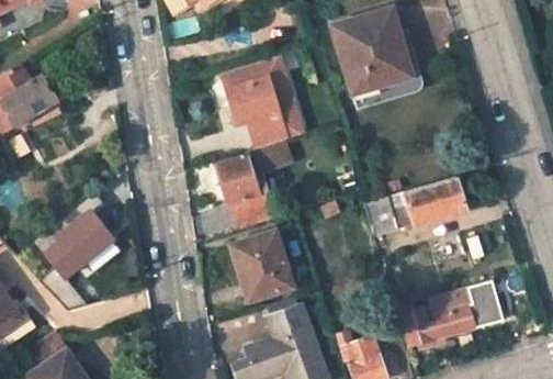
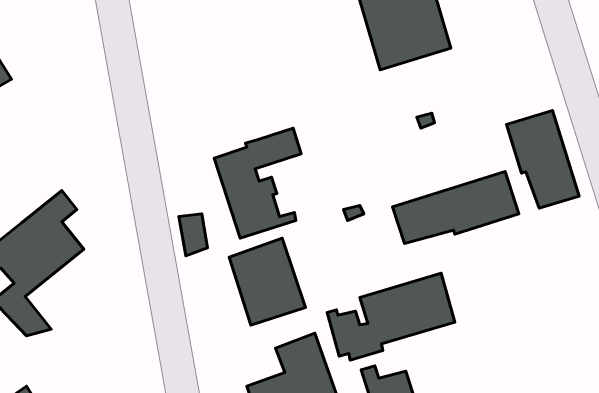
building: [219,55,303,149] -> none
building: none -> [507,110,579,208]
building: [402,279,505,349] -> [327,273,455,360]

